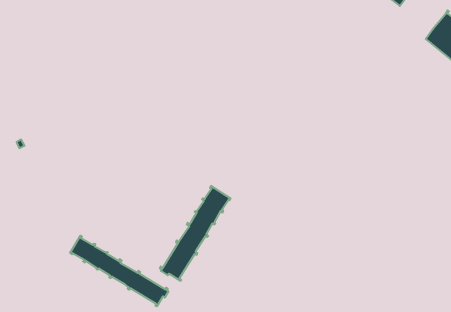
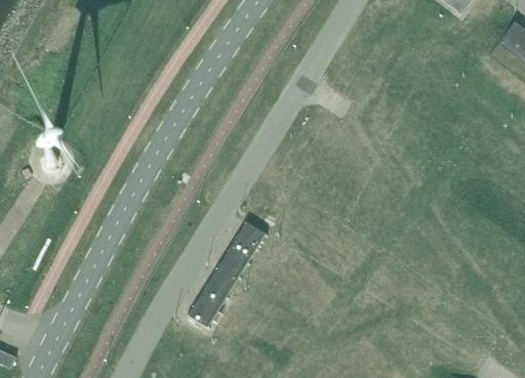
building: [70,236,168,306] -> none

